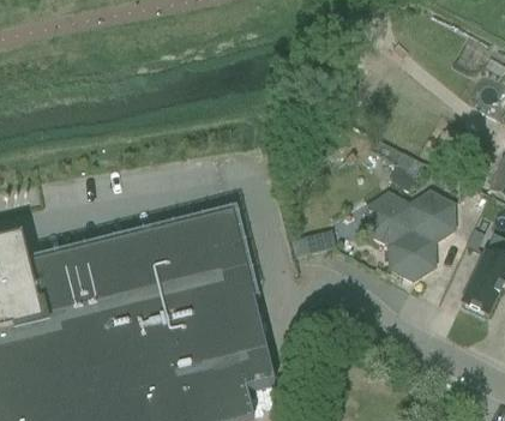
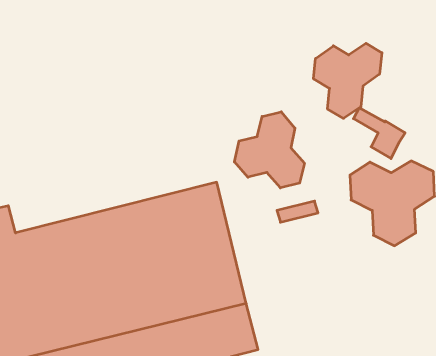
building: none -> [314,43,382,118]
building: none -> [234,112,304,188]

